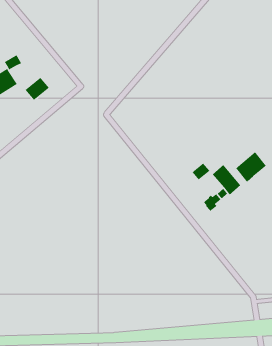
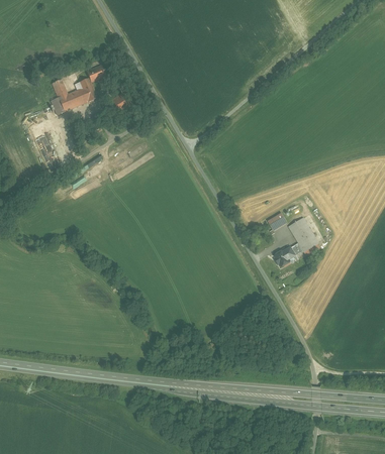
building: [235,151,267,183] -> none

